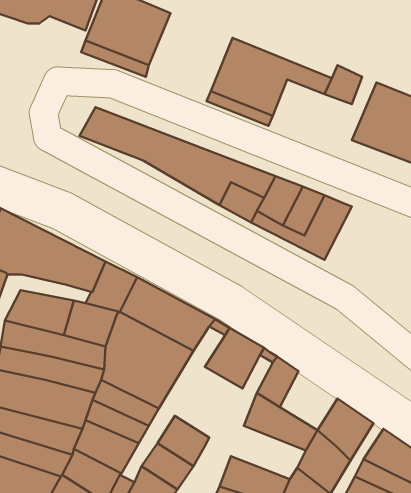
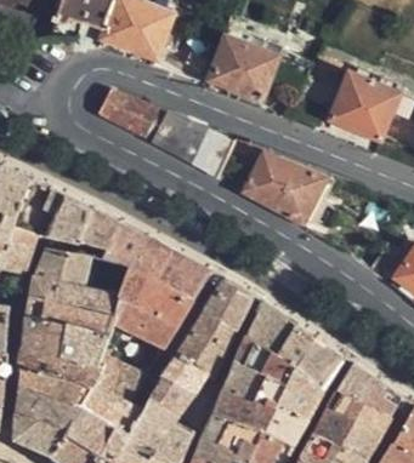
building: none -> [177,311,234,379]
building: none -> [266,315,314,365]
building: none -> [225,361,288,406]

